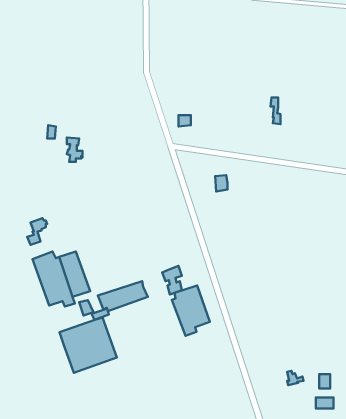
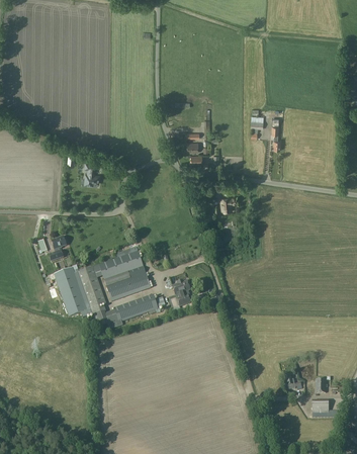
building: [172,285,210,336] -> none
building: [59,318,117,373] -> [98,251,151,301]

